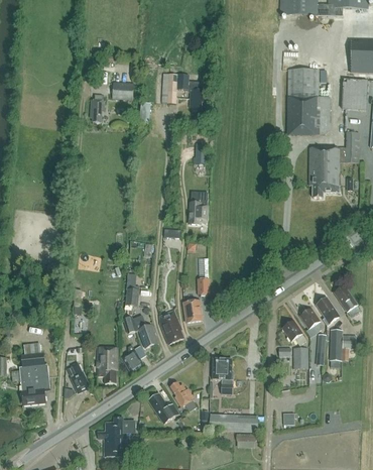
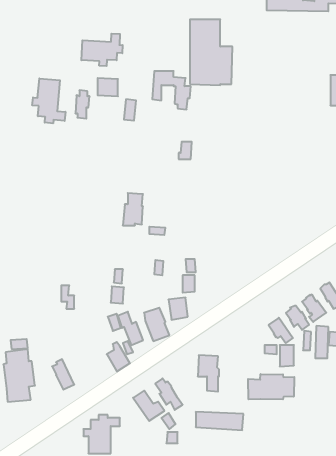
building: none -> [81,34,123,66]
building: [287,70,330,135] -> [190,19,232,85]
building: none -> [32,78,65,123]
building: [308,147,345,198] -> none
building: [188,192,208,224] -> [123,193,143,225]
building: [96,347,118,383] -> none
building: none -> [248,374,294,399]

